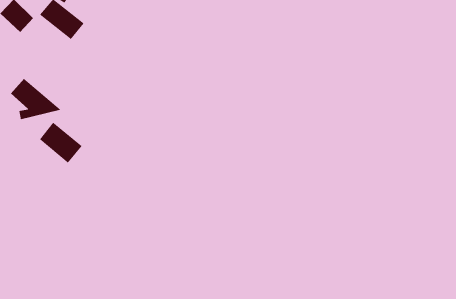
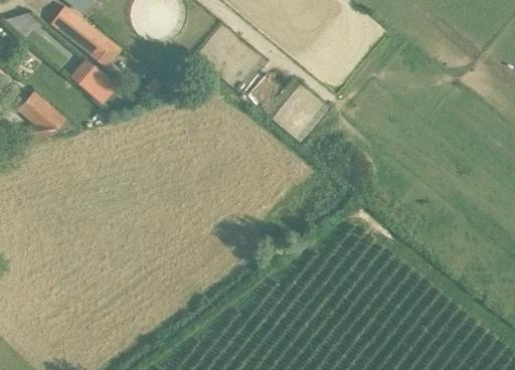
building: none -> [87,33,120,66]
building: [39,122,83,164] -> [67,56,116,103]

